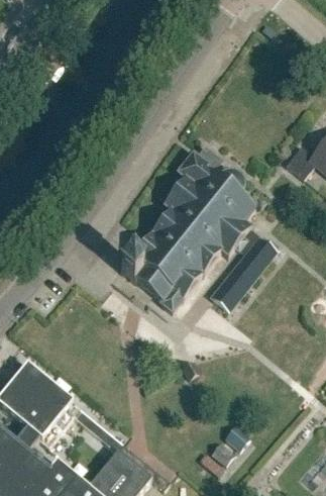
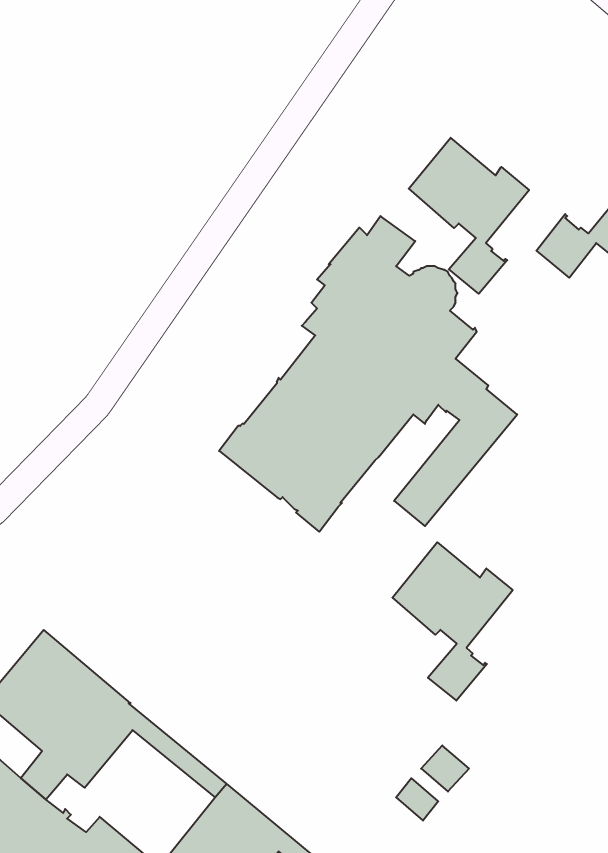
building: none -> [409,138,529,294]
building: none -> [392,542,513,701]

